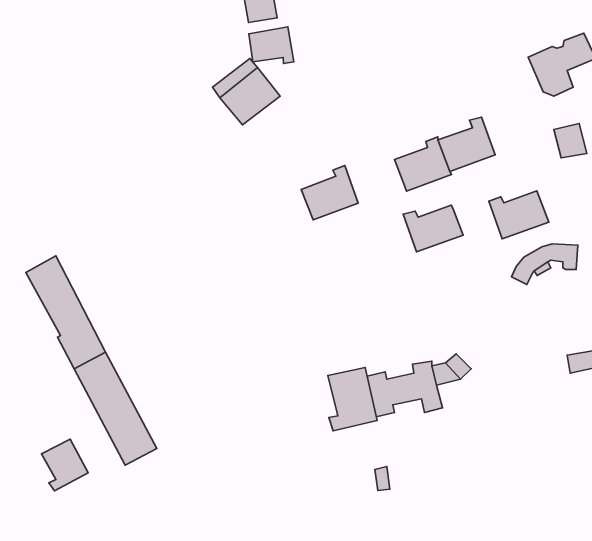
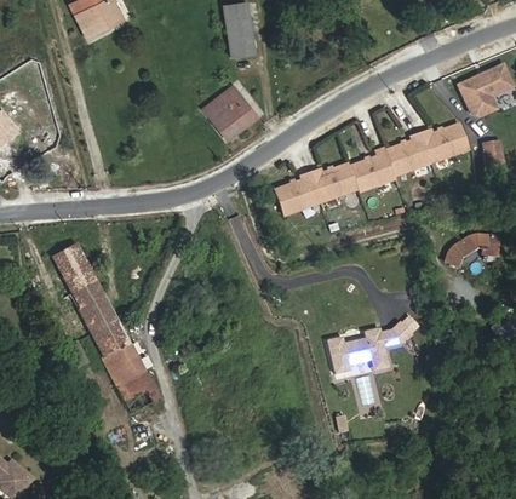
building: [249,27,294,63] -> none
building: [489,191,549,239] -> [420,124,469,162]
building: [403,205,463,252] -> [310,164,359,201]
building: [328,368,377,431] -> none
building: [42,439,88,491] -> none

